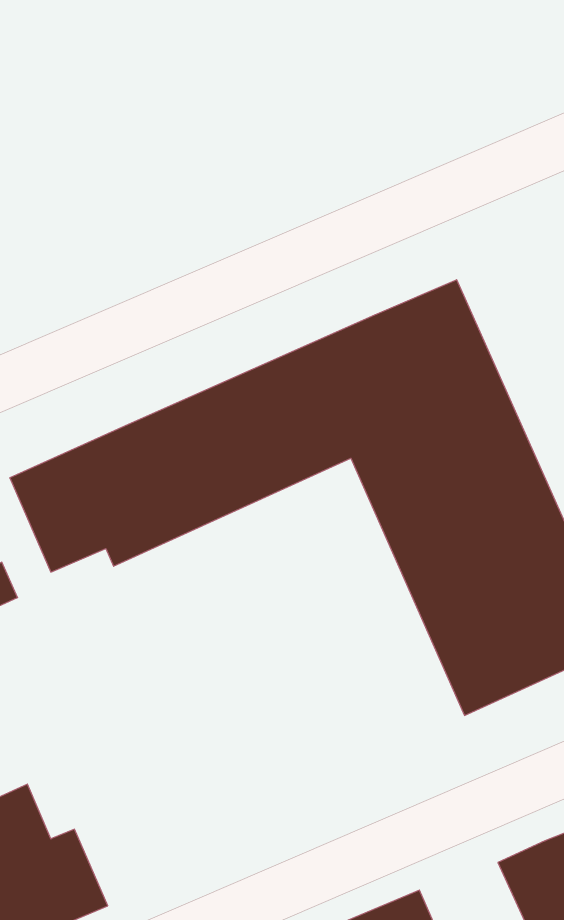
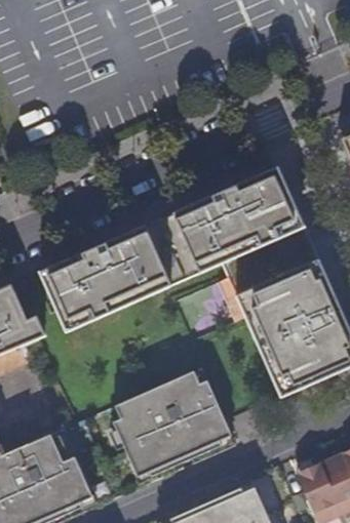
building: none -> [113,370,231,476]

